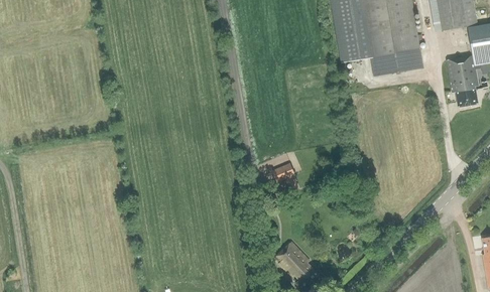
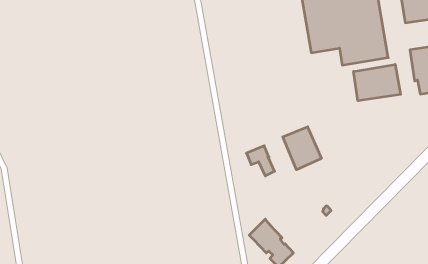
building: none -> [354,64,401,101]
building: none -> [283,127,321,170]

